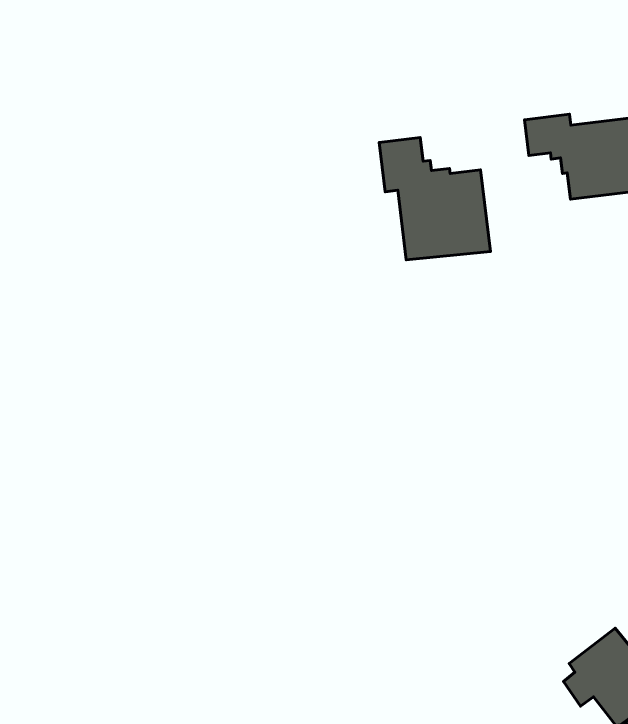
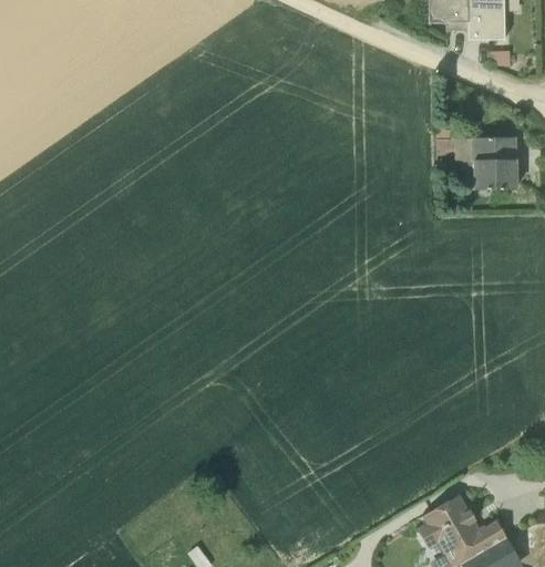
building: [379,138,490,260] -> none

